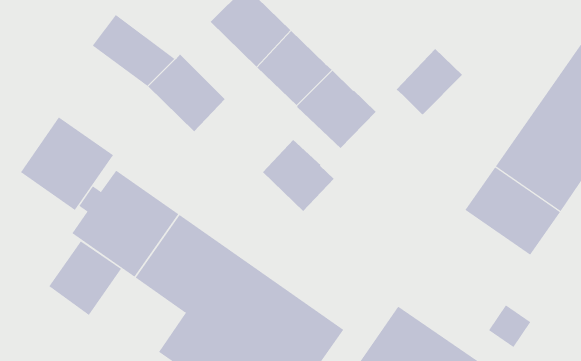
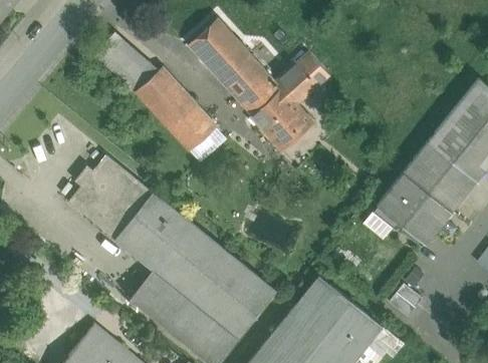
building: [396,48,463,116] -> [276,54,329,106]
building: [20,116,114,211] -> none
building: [262,139,334,212] -> [170,106,226,163]
building: [49,241,122,316] -> none

